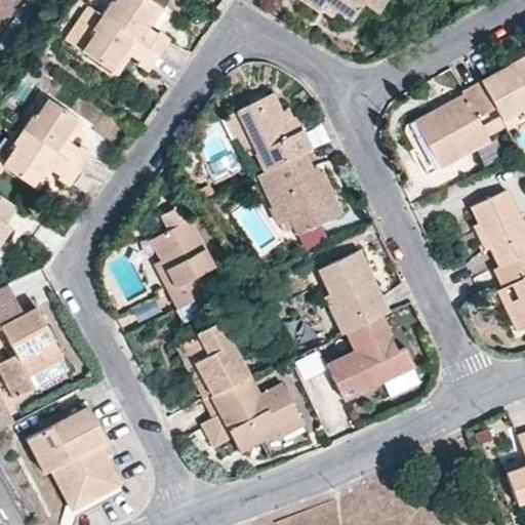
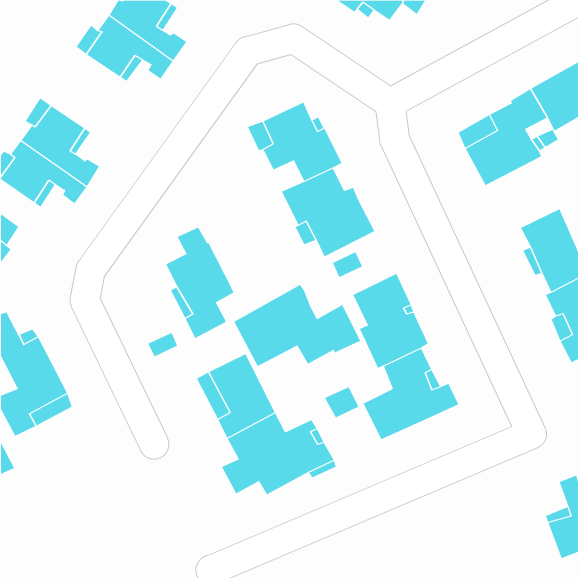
building: none -> [233,284,361,367]
building: [26,407,119,502] -> none

